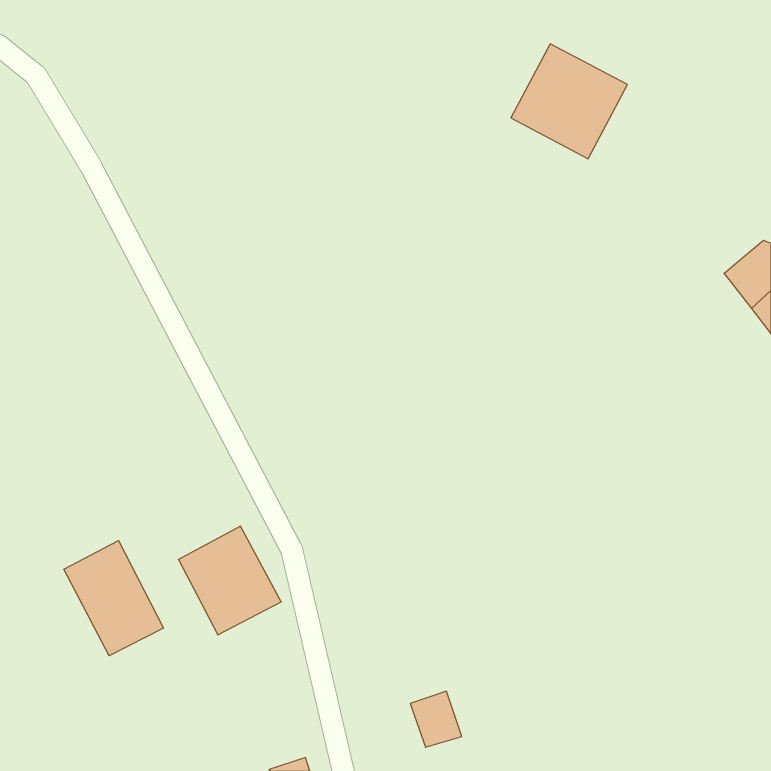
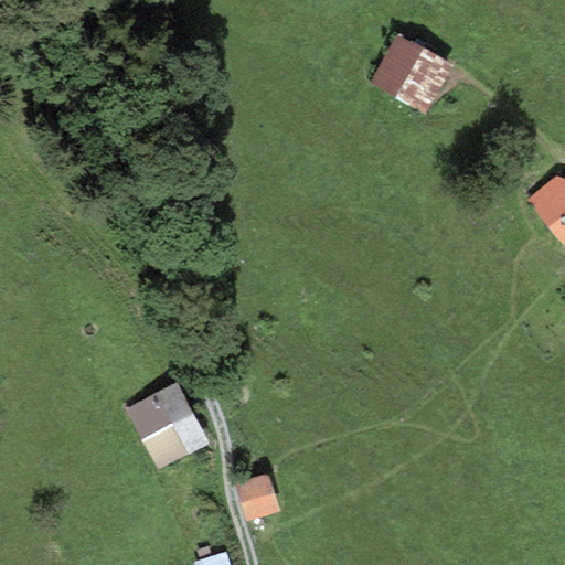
building: [64,541,163,656] -> none
building: [410,691,462,747] -> [238,475,276,515]

